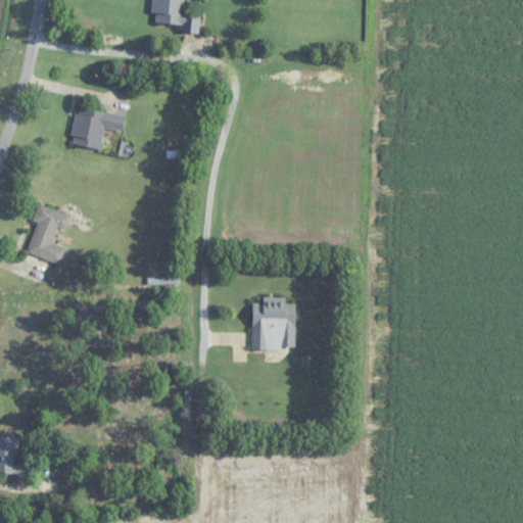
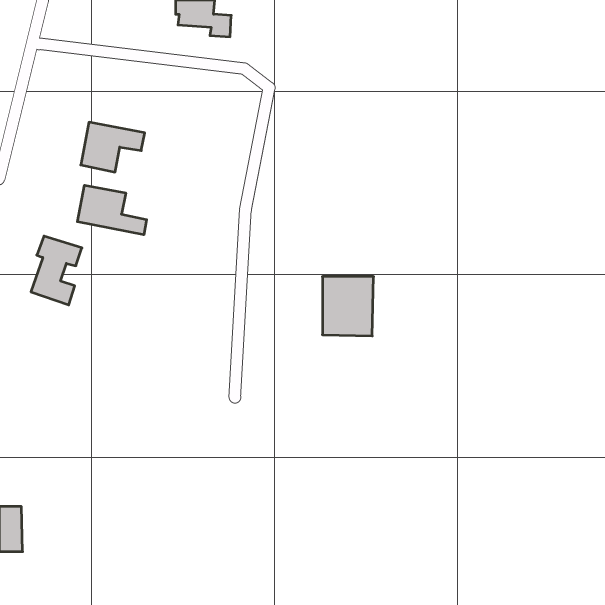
building: none -> [77,185,147,235]
building: [251,299,295,350] -> [322,277,374,336]

